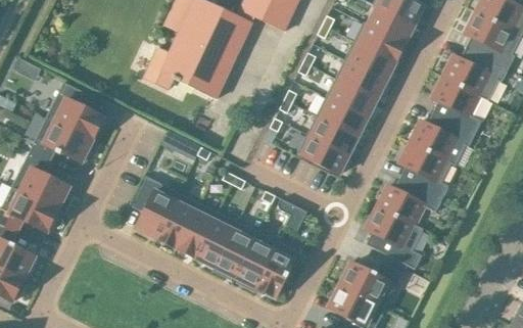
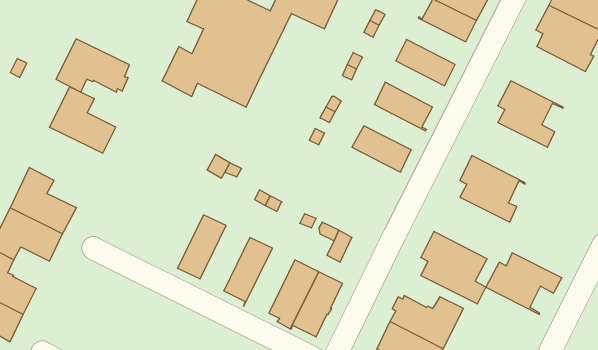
building: [353,22,405,62] -> none
building: [443,47,508,99] -> none
building: [335,59,386,99] -> none
building: [317,97,370,136] -> none
building: [410,112,475,165] -> none
building: [29,116,92,162] -> [56,39,129,92]
building: [297,134,348,175] -> none
building: [132,176,179,238] -> none
building: [377,177,442,230] -> [486,253,562,314]
building: [176,201,219,257] -> none
building: [213,221,257,277] -> none

